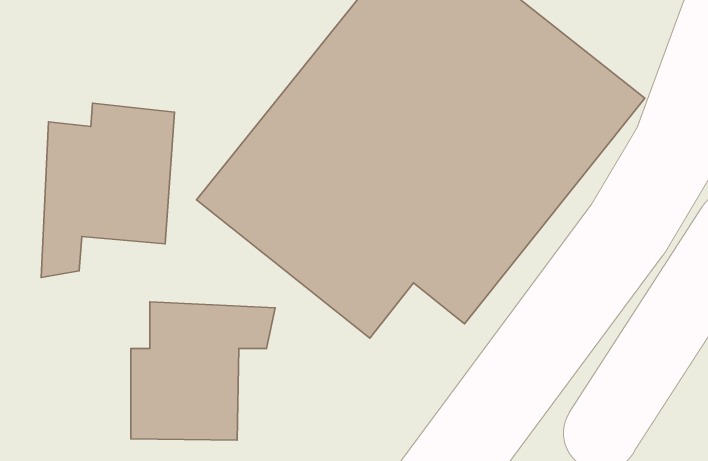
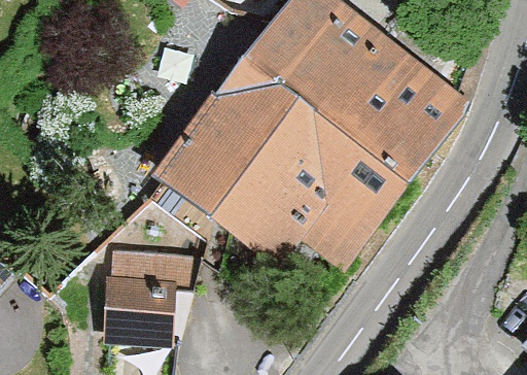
building: [41,103,174,278] -> none

